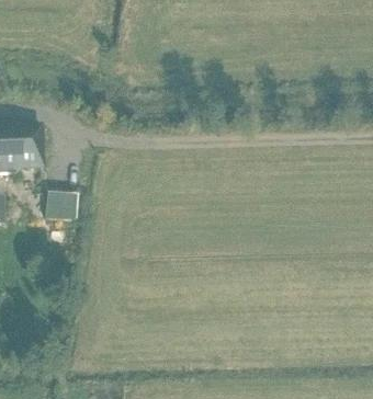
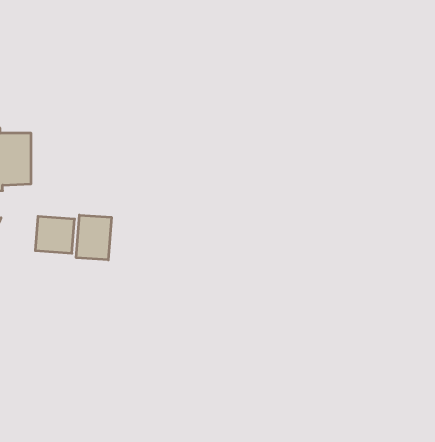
building: none -> [76,215,111,260]

